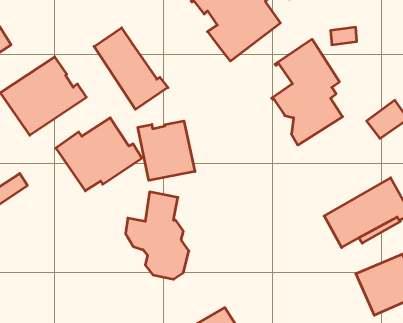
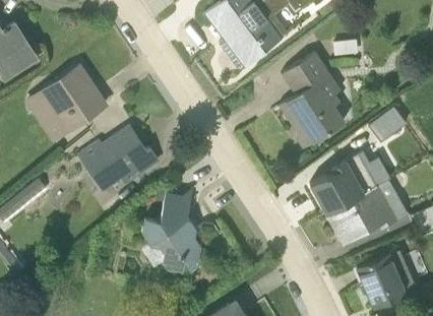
building: [94,28,168,109] -> none
building: [138,121,195,180] -> none
building: none -> [310,150,389,215]

